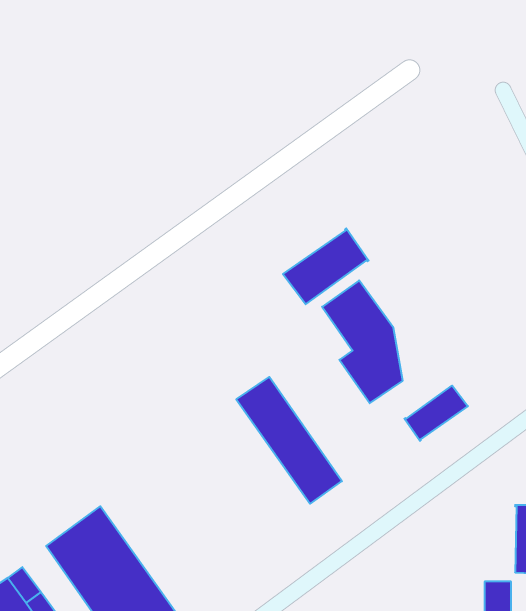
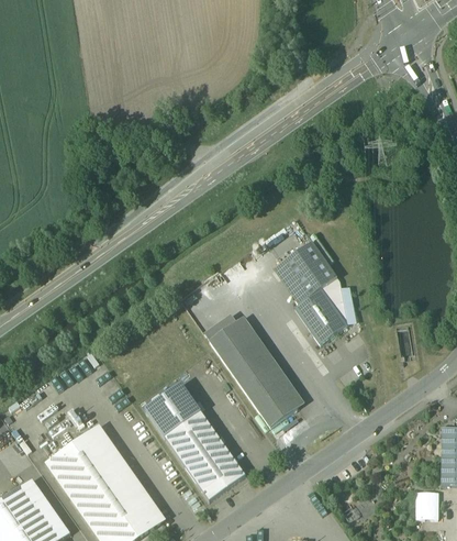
building: [283,228,369,304] -> none
building: [404,386,468,441] -> none
building: none -> [146,384,245,498]

